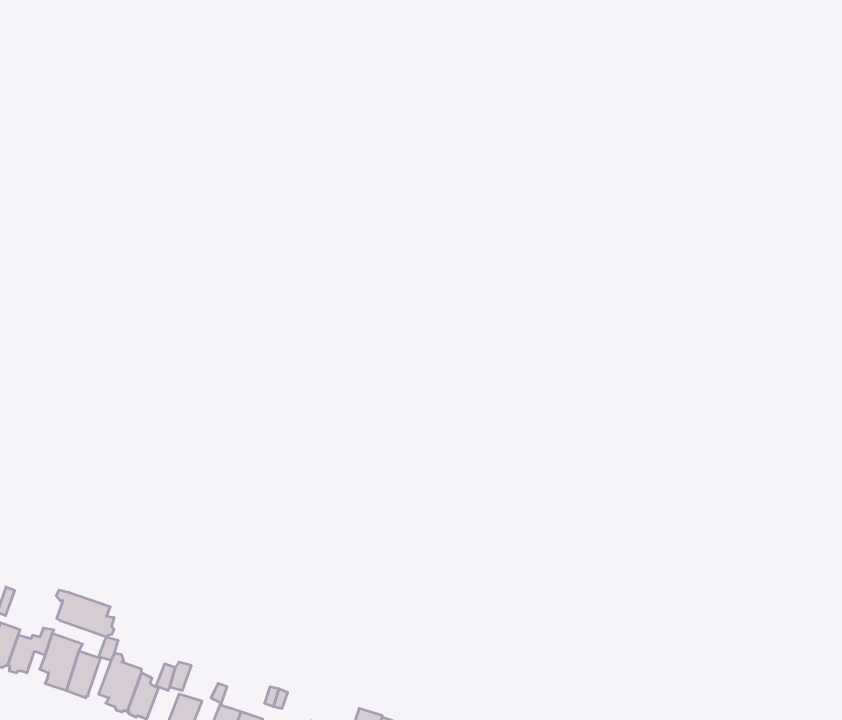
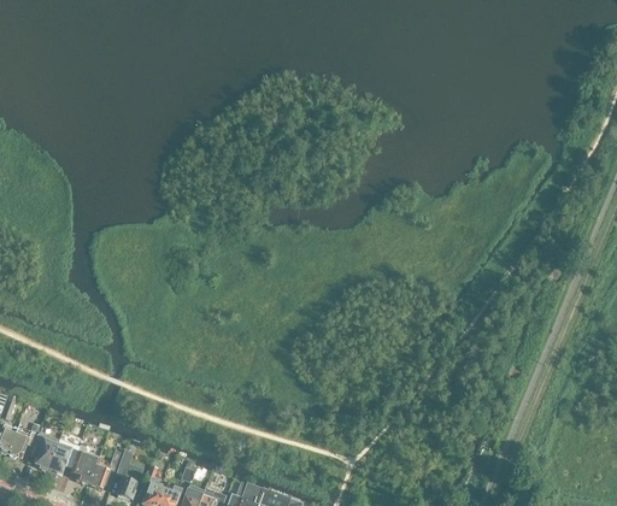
building: [56,590,114,638] -> none

